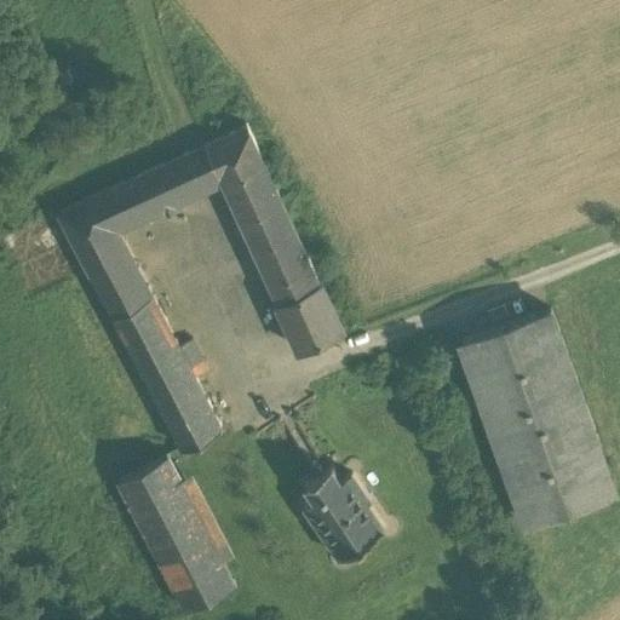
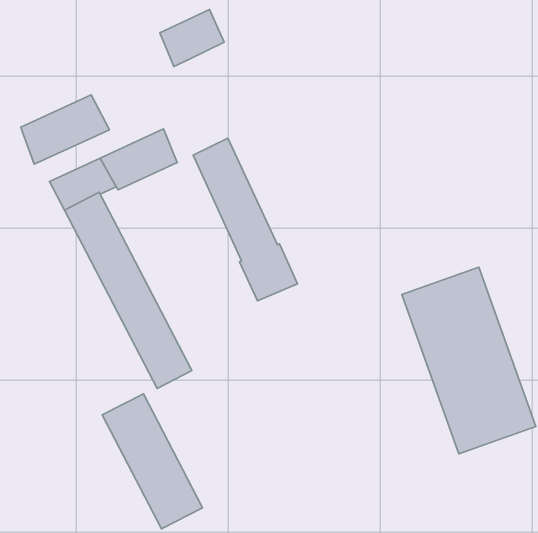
building: none -> [21,95,110,164]
building: [188,128,262,194] -> [160,10,224,67]
building: [303,470,383,564] -> none

